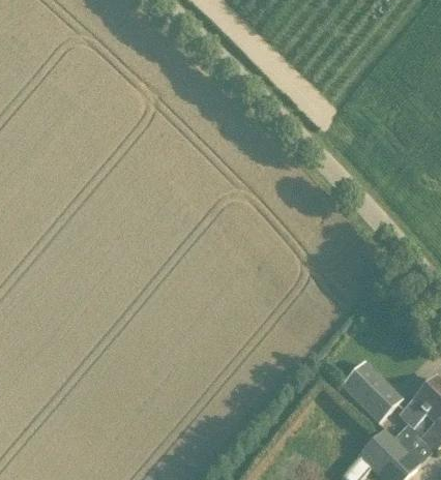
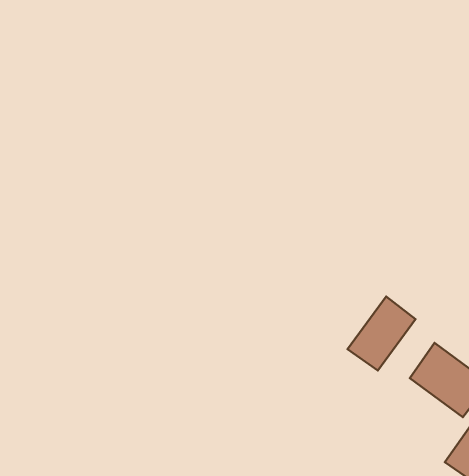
building: none -> [347,297,415,370]

